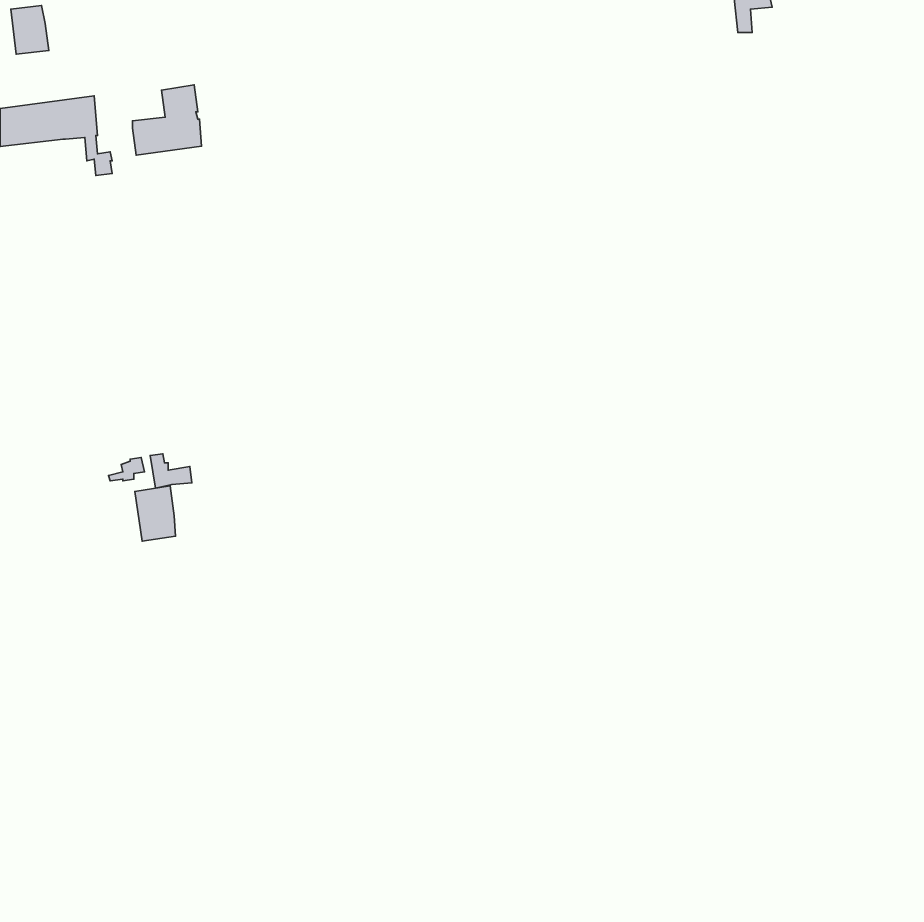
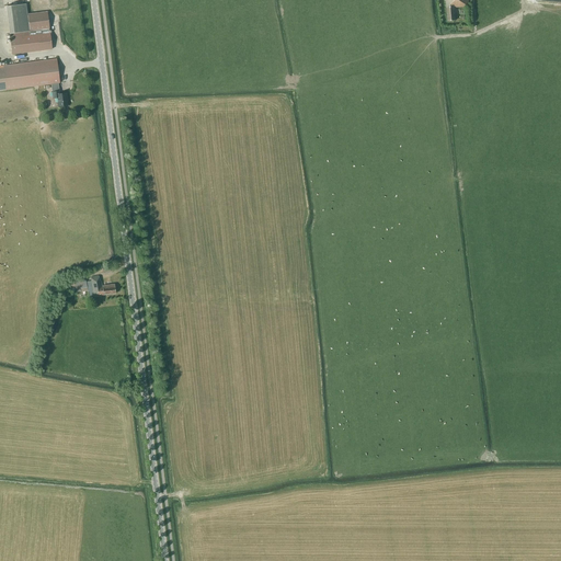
building: [133,85,201,155] -> [10,11,51,54]
building: [135,486,176,541] -> none

